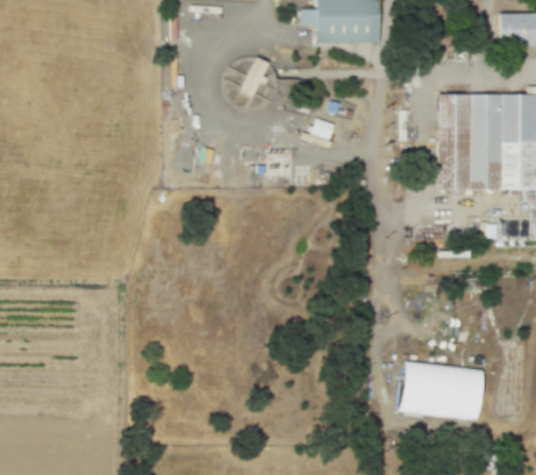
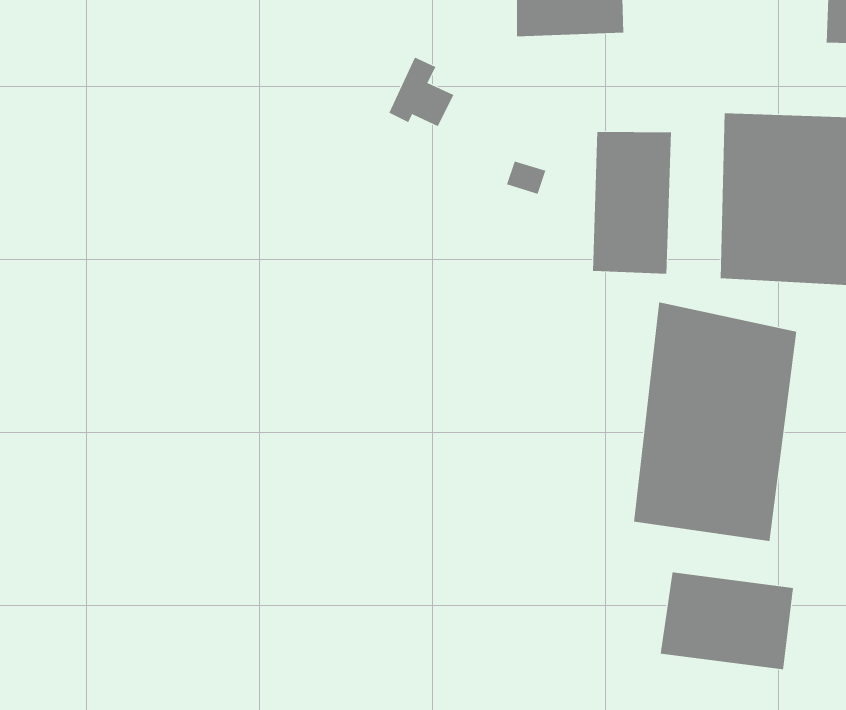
building: none -> [592,131,672,275]
building: none -> [633,302,797,542]

